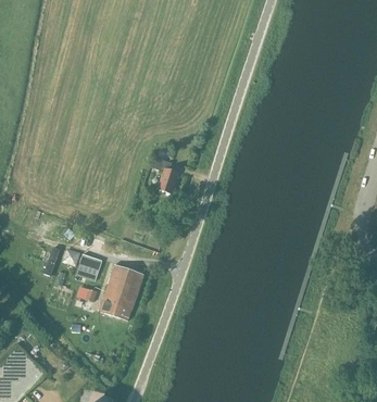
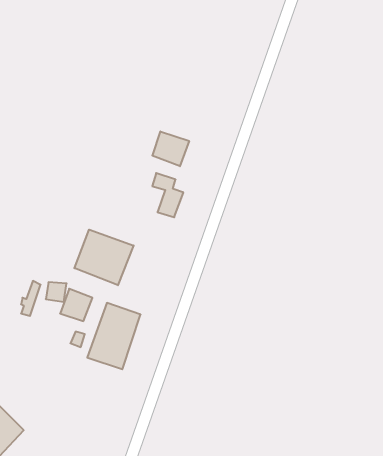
building: none -> [152,131,189,166]
building: none -> [74,230,134,285]

